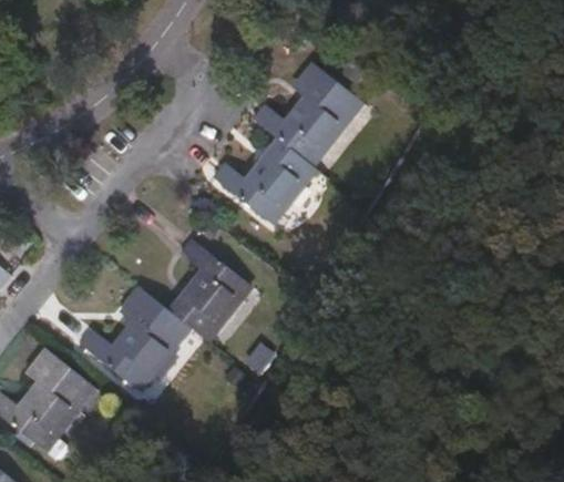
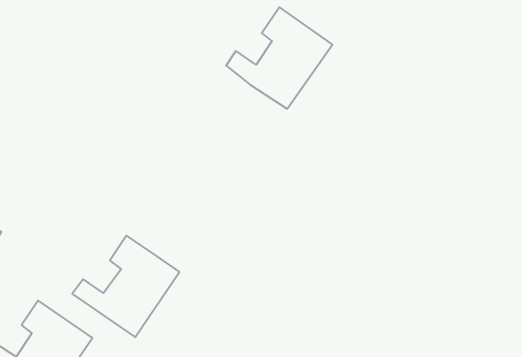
building: [213,140,318,226] -> none
building: [168,238,253,341] -> none

